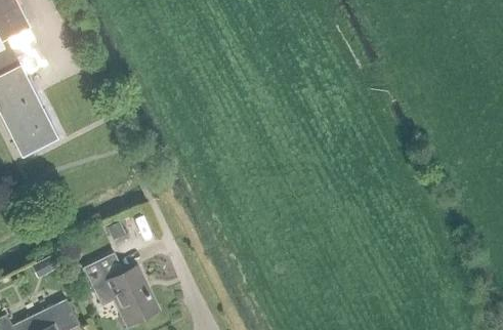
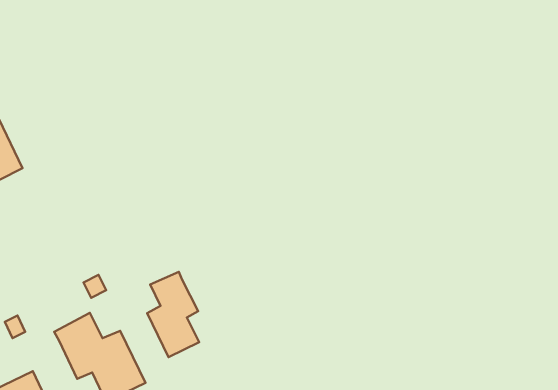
building: none -> [147,272,199,357]

